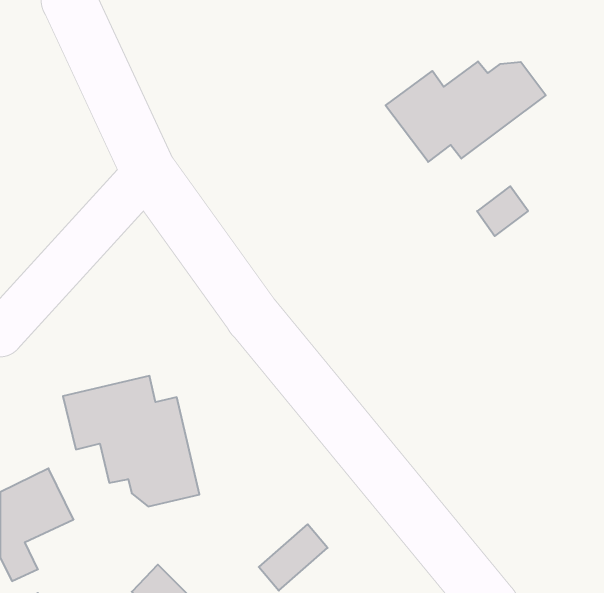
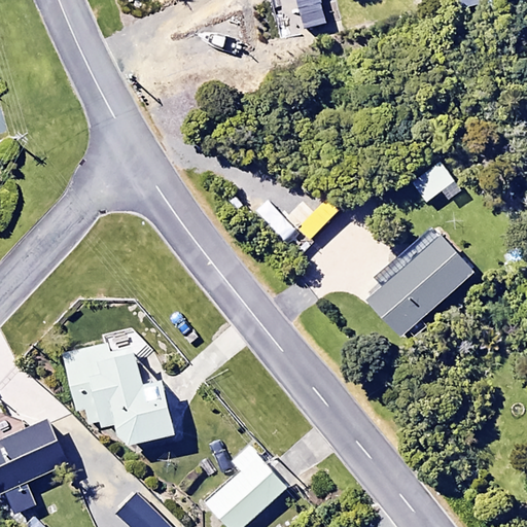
building: [386,61,546,162] -> none
building: none -> [366,222,477,339]

